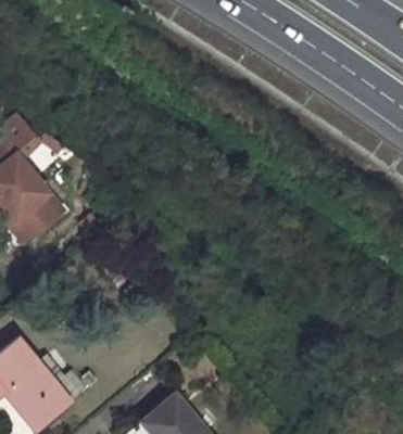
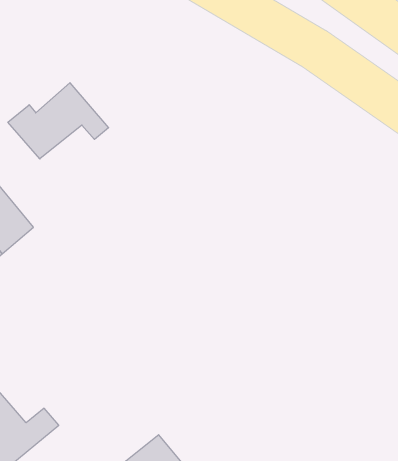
building: none -> [8,83,109,159]

